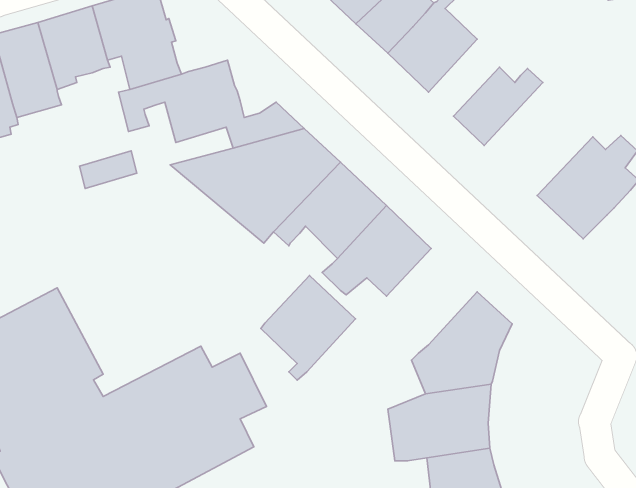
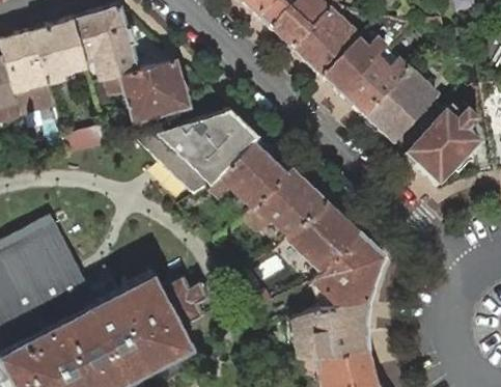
building: none -> [322,15,410,95]
building: none -> [363,71,444,155]
building: [261,276,356,380] -> [287,194,358,272]

